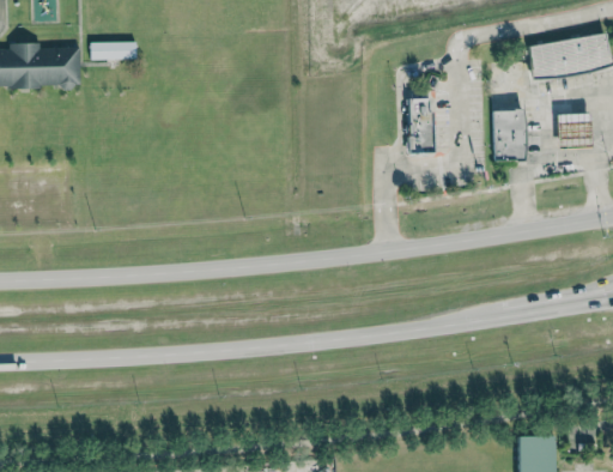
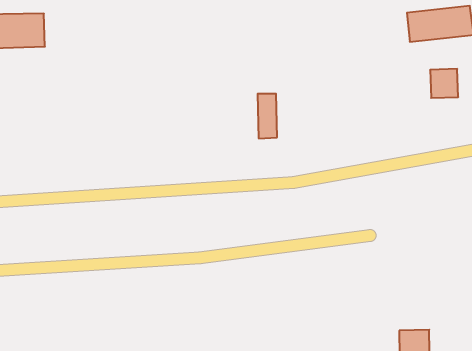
building: [90,41,136,60] -> none
building: [408,98,432,153] -> [258,94,277,138]
building: [493,109,526,159] -> none

